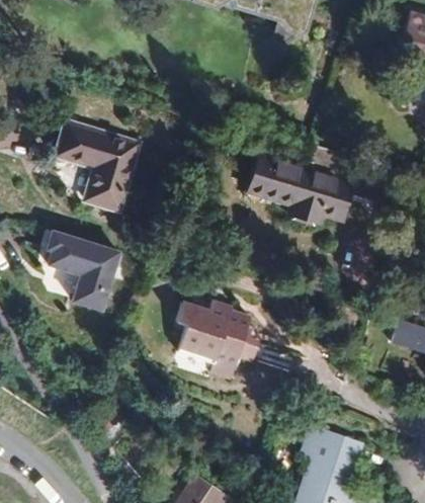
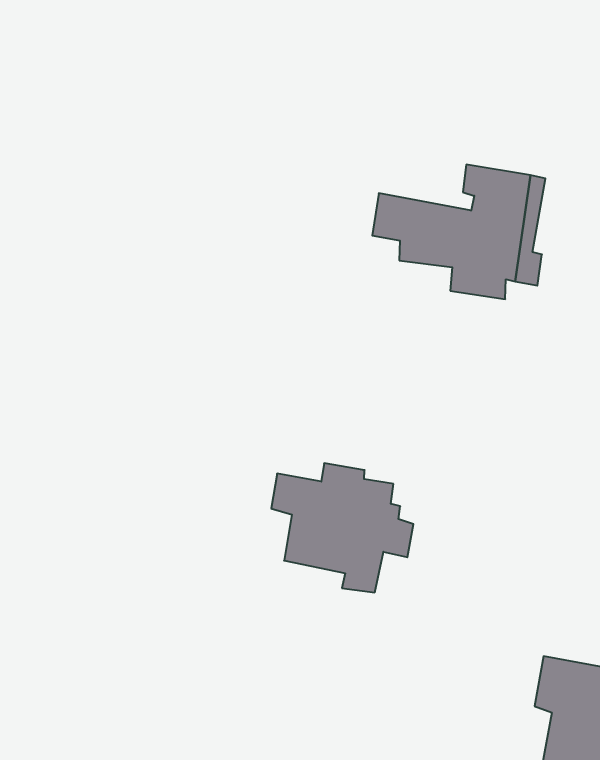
building: [51,119,132,204] -> none
building: [39,226,109,307] -> none

